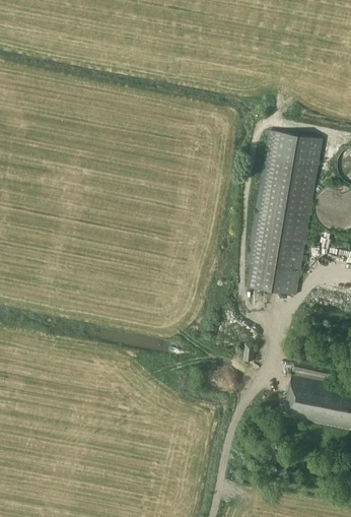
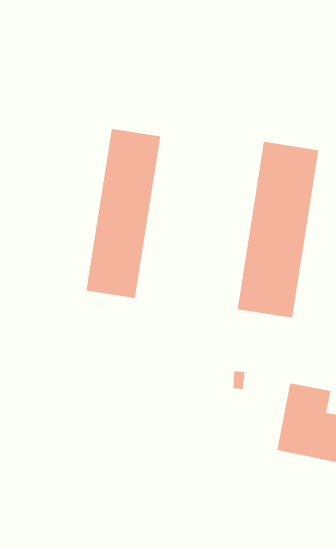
building: none -> [86,128,161,299]

